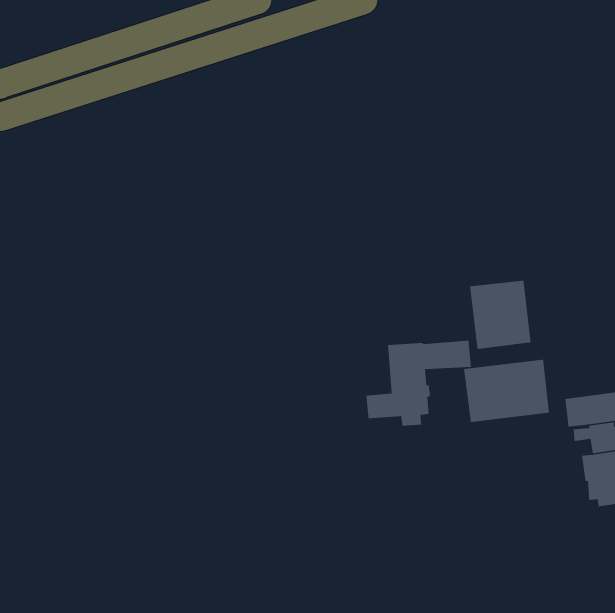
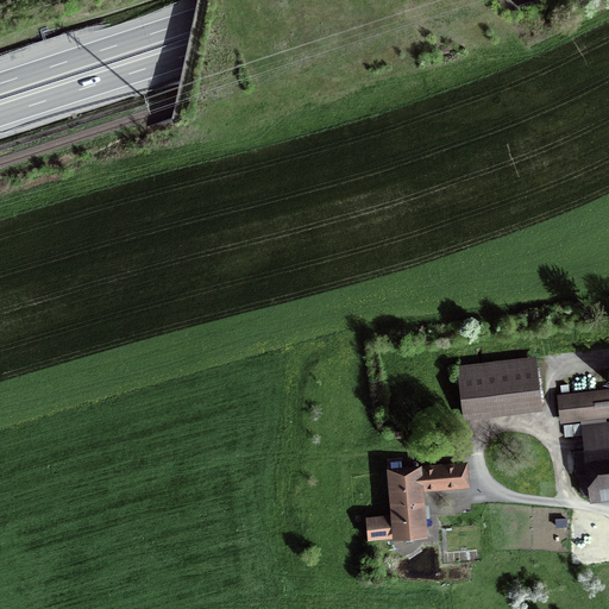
building: [469,280,532,350] -> none
building: [366,340,472,427] -> [366,463,471,548]

